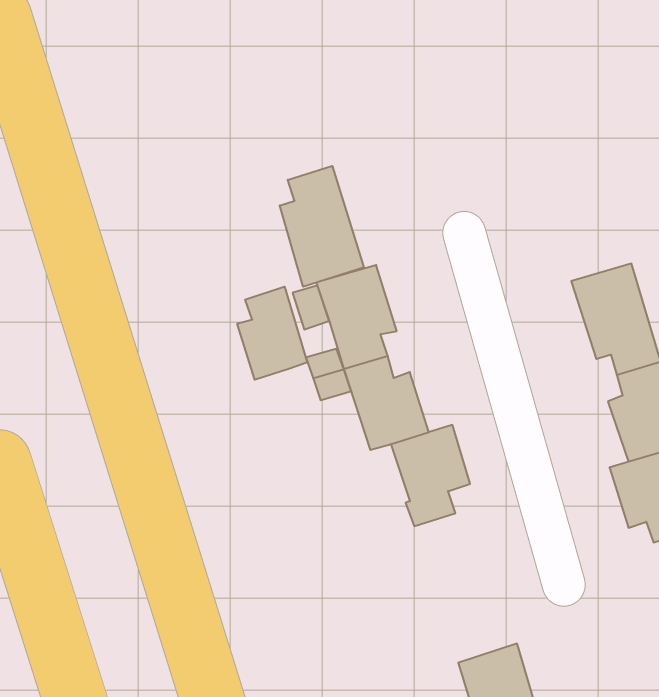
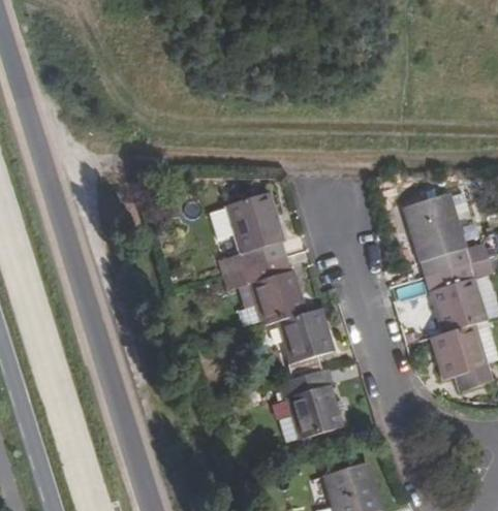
building: [280,166,364,287] -> none
building: [237,287,307,380] -> none
building: none -> [289,369,344,437]

